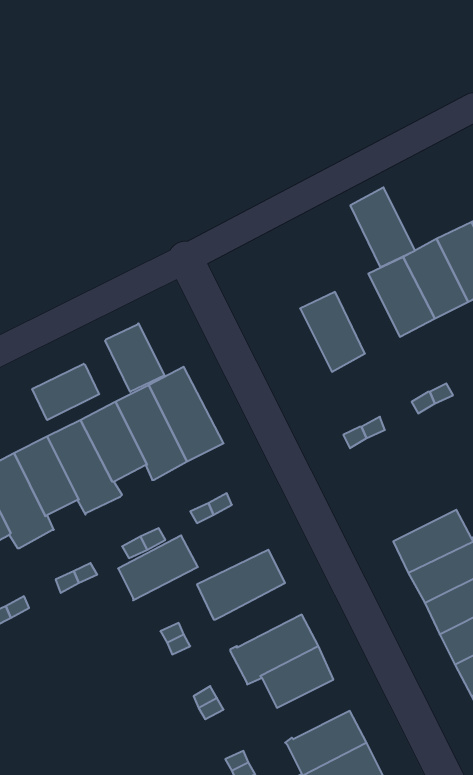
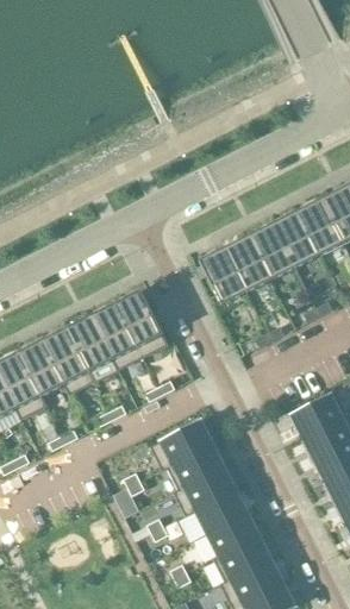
building: [350,187,415,267] -> [249,222,295,280]
building: none -> [199,247,246,304]
building: [105,323,164,392] -> none
building: [32,364,99,420] -> none
building: [118,535,198,600] -> [168,444,225,490]
building: none -> [207,513,260,555]

